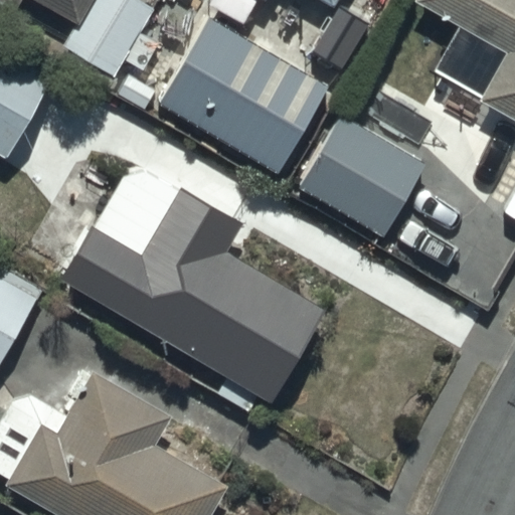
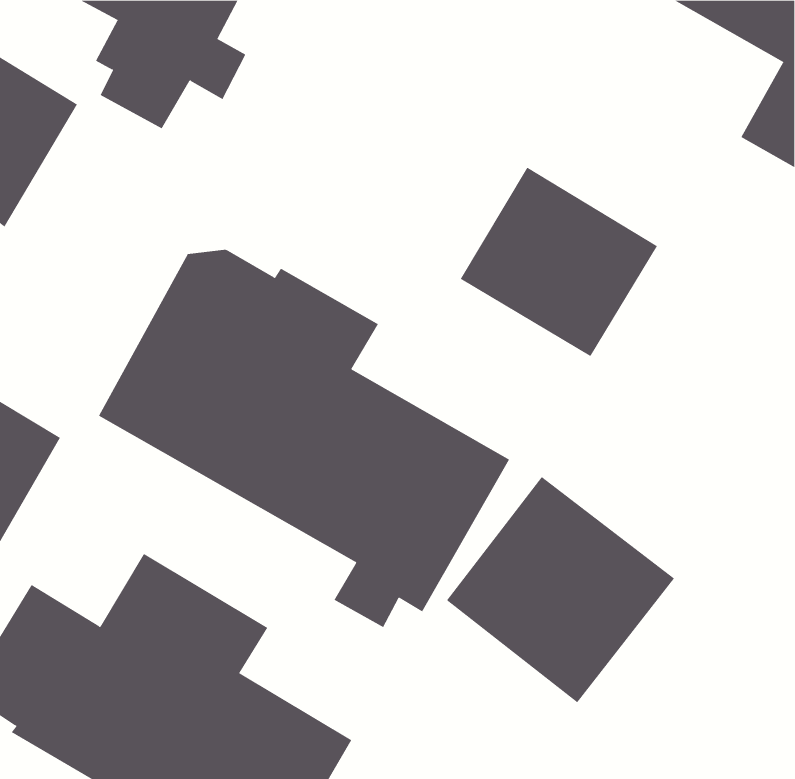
building: [157,16,330,175] -> none
building: none -> [446,476,675,703]

